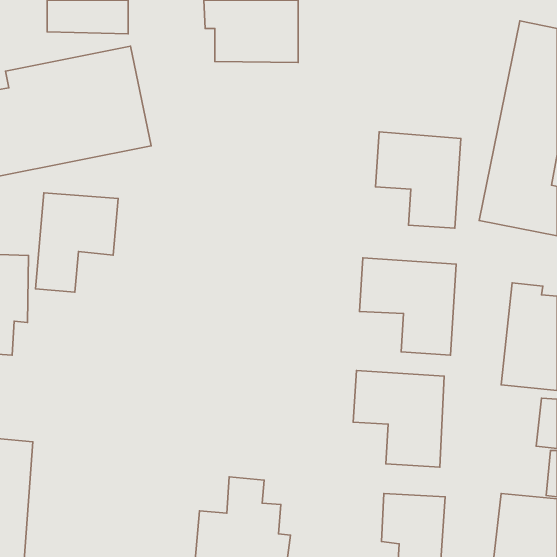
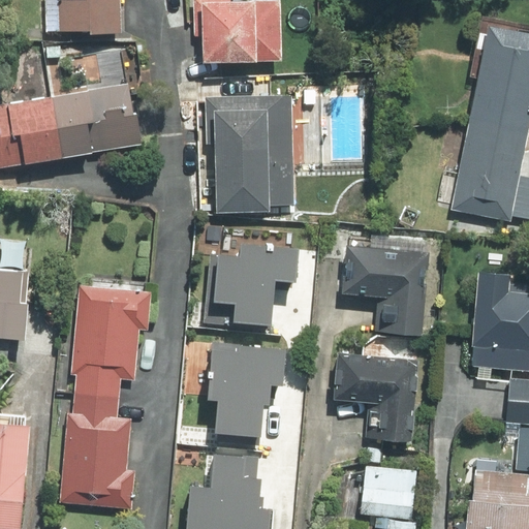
building: none -> [204,86,293,214]
building: [376,132,461,228] -> none
building: [36,193,118,292] -> none
building: none -> [216,244,303,322]
building: none -> [60,286,152,511]
building: none -> [208,344,287,437]

